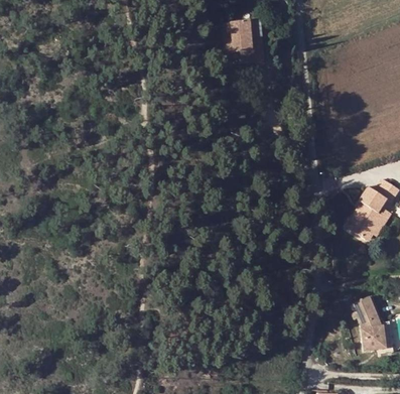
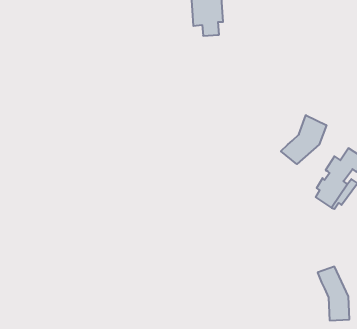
building: none -> [281,115,326,164]

